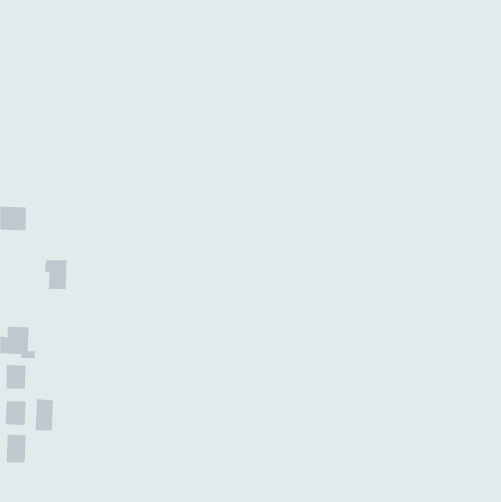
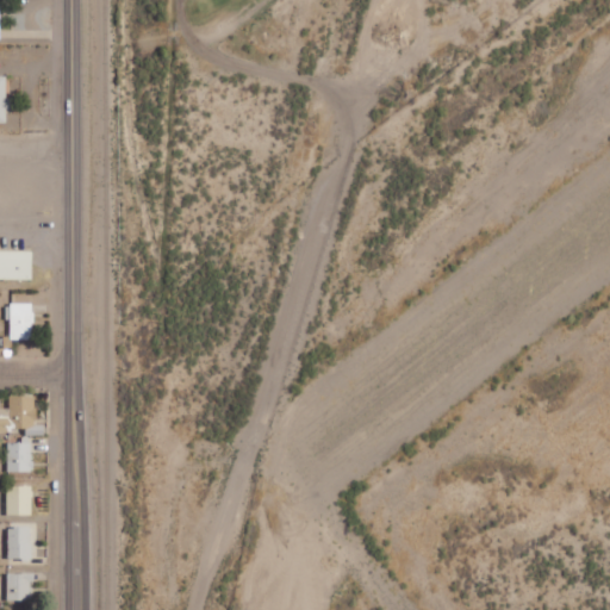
building: [44,260,68,289] -> [5,304,33,340]
building: [35,398,53,431] -> none
building: none -> [6,573,32,600]

